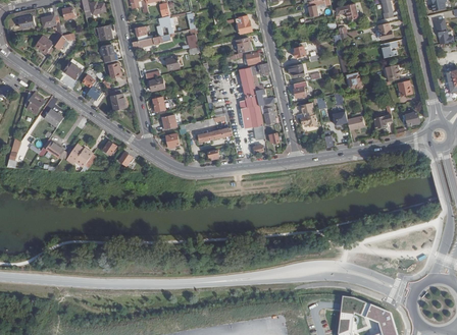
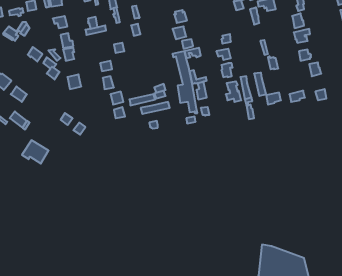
building: [63,142,95,169] -> [22,140,49,164]

